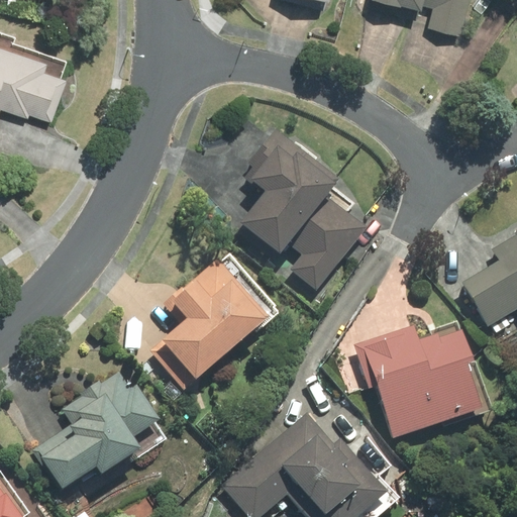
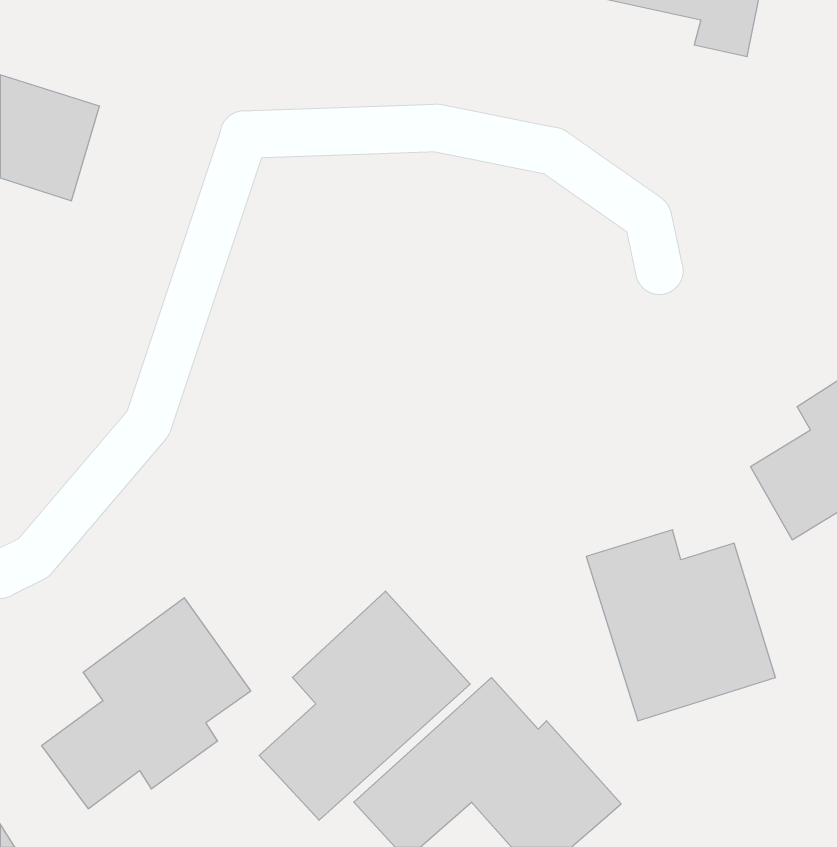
building: [235,130,370,291] -> none
building: [148,250,277,390] -> [259,591,470,820]

